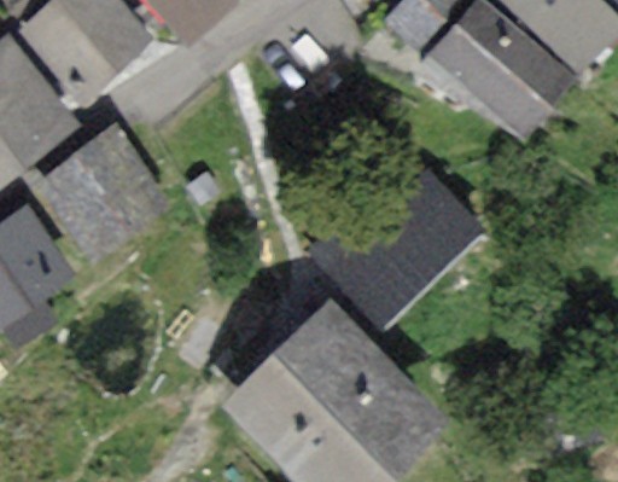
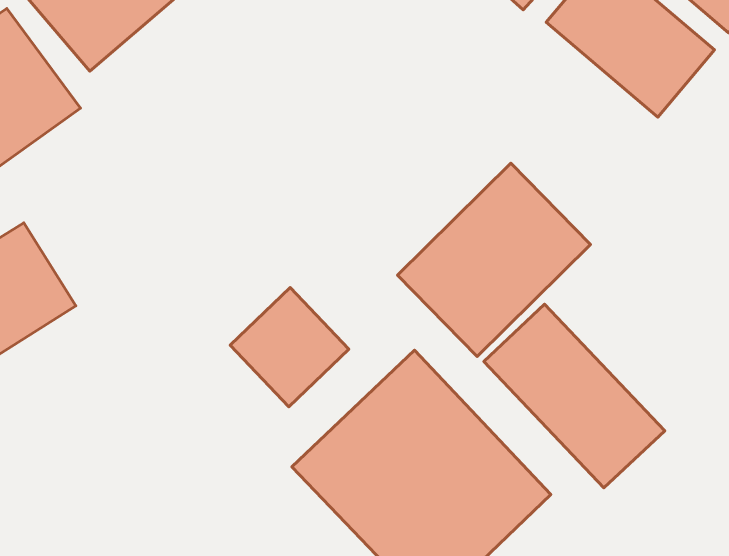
building: [47,135,167,251] -> none
building: none -> [230,287,349,407]
building: none -> [484,304,665,488]

